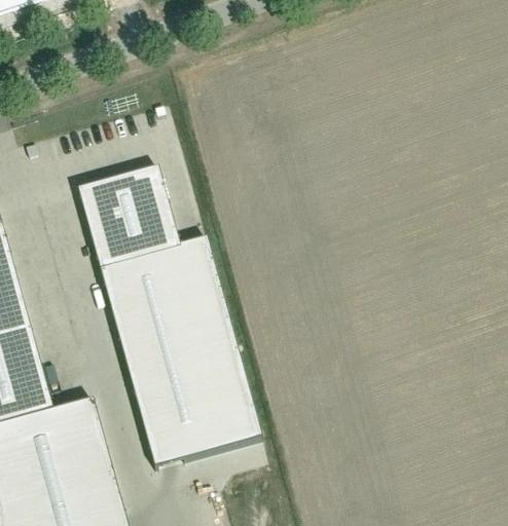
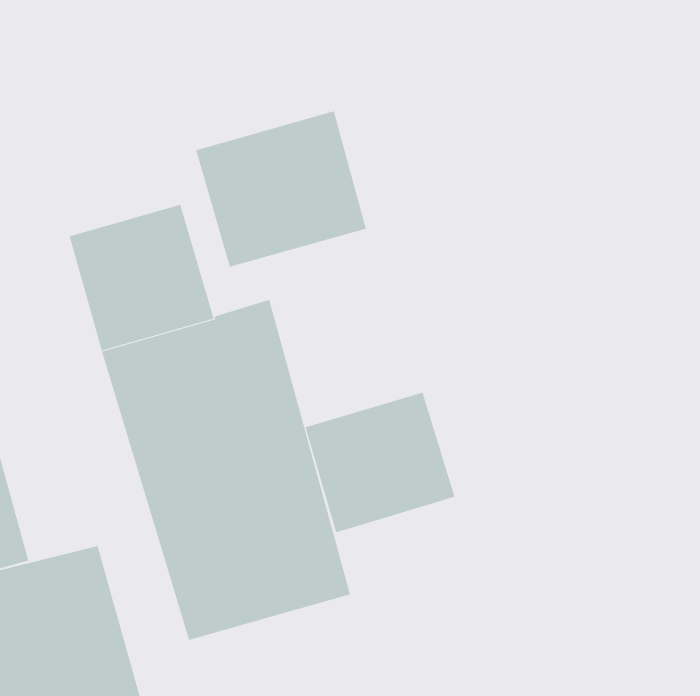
building: none -> [196,110,366,268]
building: none -> [305,392,455,533]

